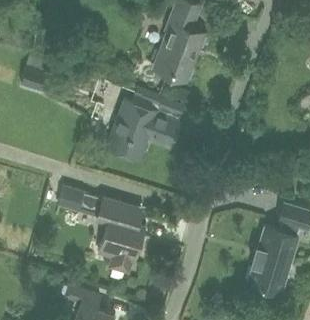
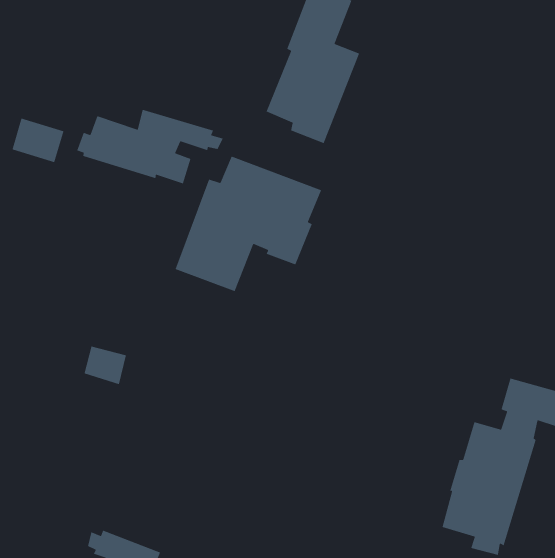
building: none -> [76,109,224,185]
building: [98,198,144,272] -> none

